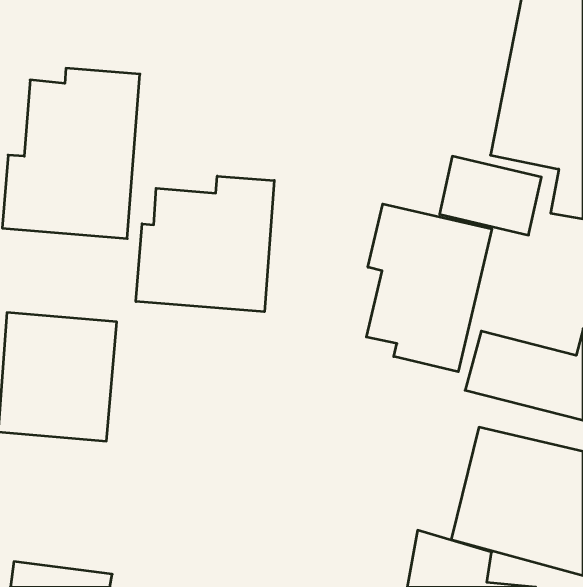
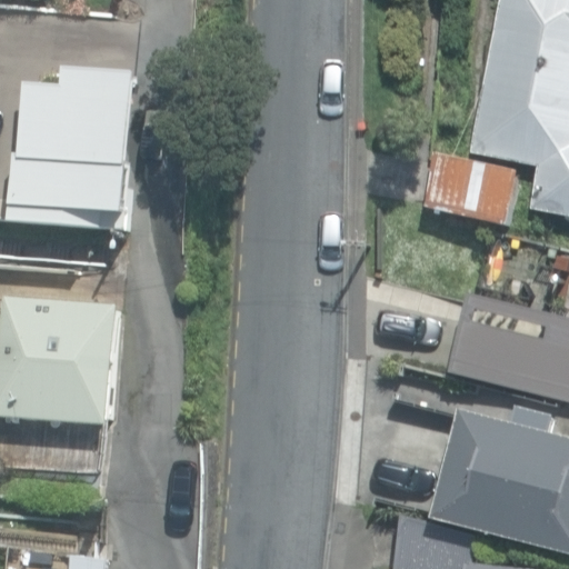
building: [136,176,274,312] -> none
building: [366,204,492,372] -> none

